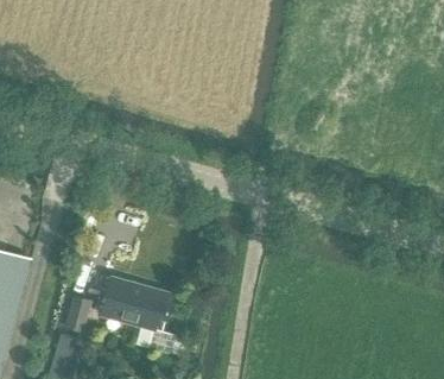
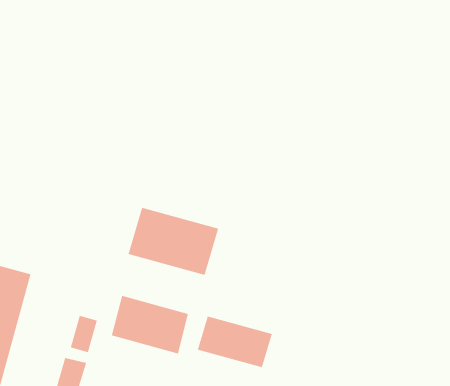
building: none -> [128,207,219,276]
building: none -> [197,315,273,368]

